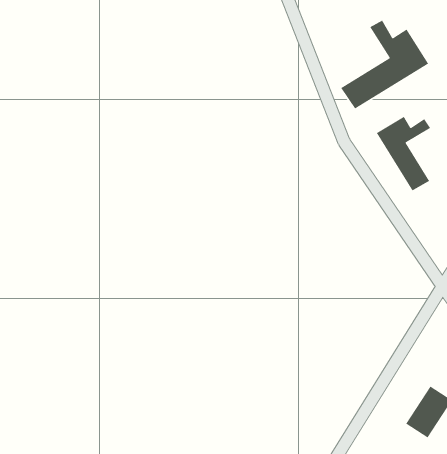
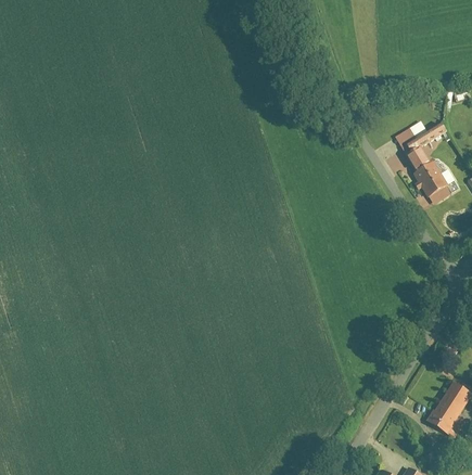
building: [340,19,429,110] -> none

